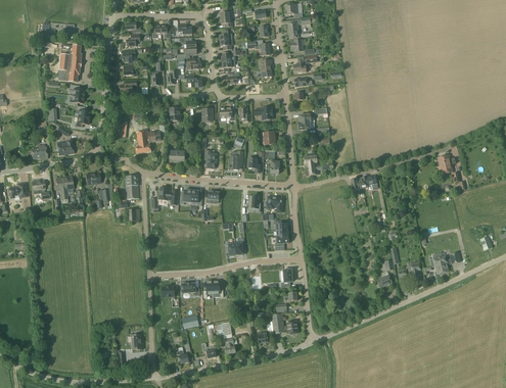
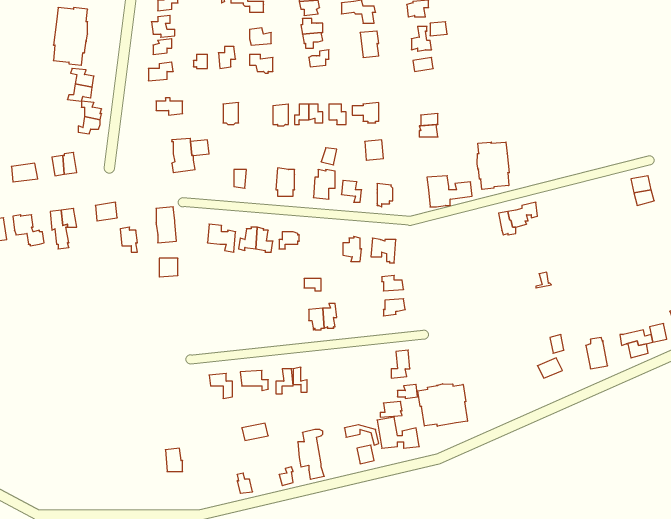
building: none -> [477,142,509,189]
building: none -> [418,384,467,426]

